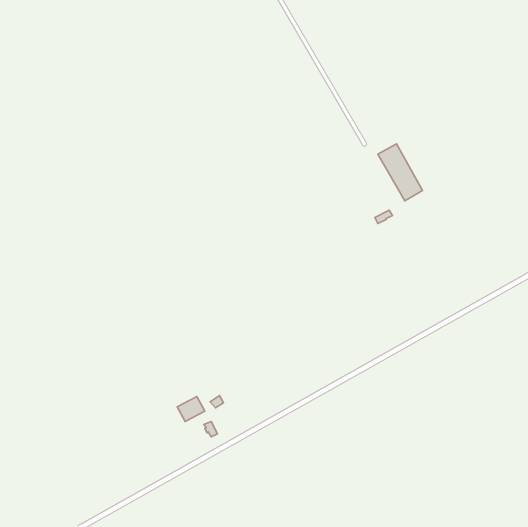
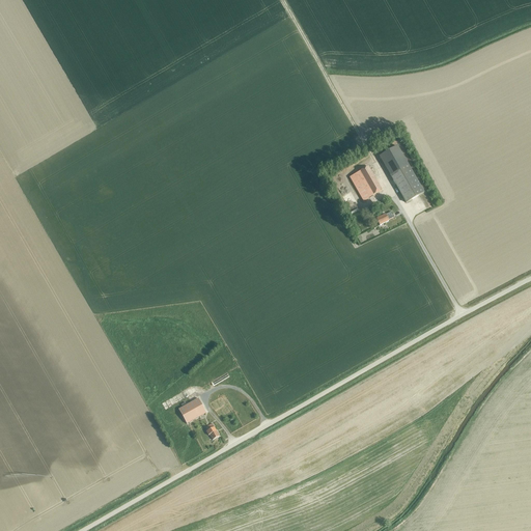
building: none -> [348,165,381,199]

